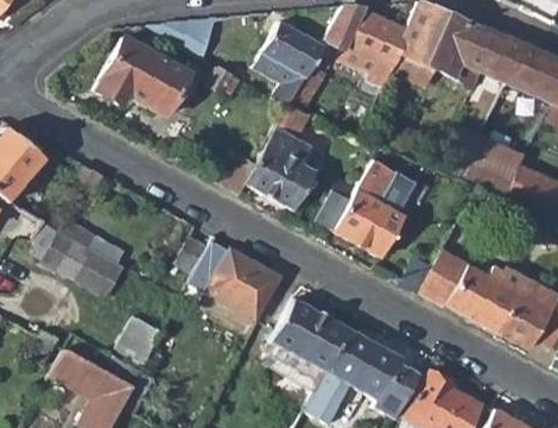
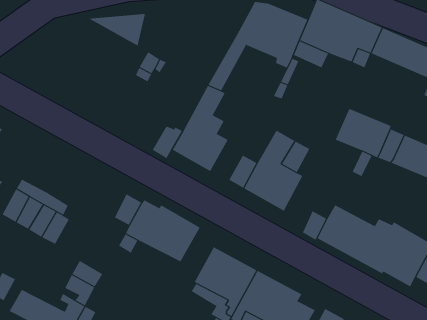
building: [261,21,324,106] -> none
building: [95,37,188,114] -> none

